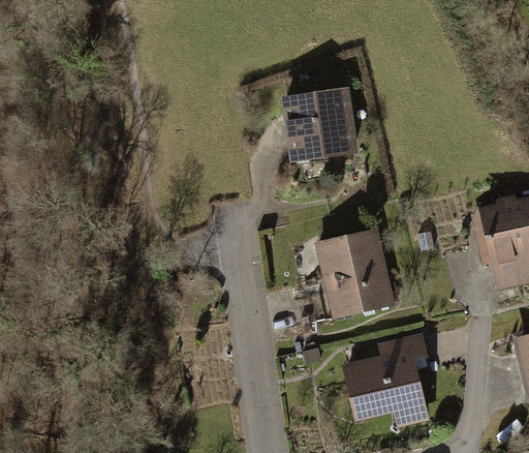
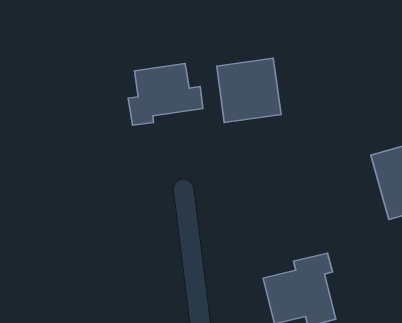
building: none -> [128,64,203,125]
building: [317,229,393,315] -> none

